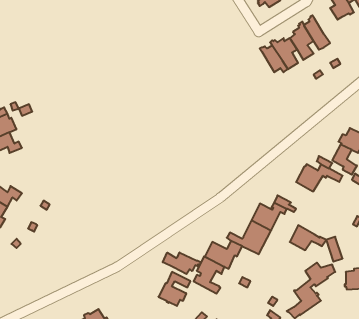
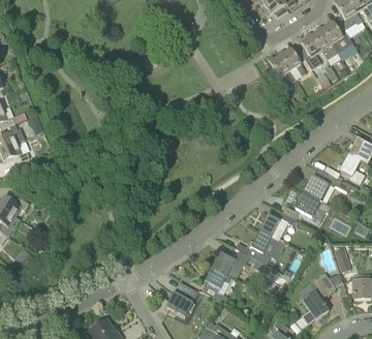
building: none -> [322,18,352,53]
building: [290,225,326,250] -> [296,191,332,216]
building: [163,252,201,274] -> none

